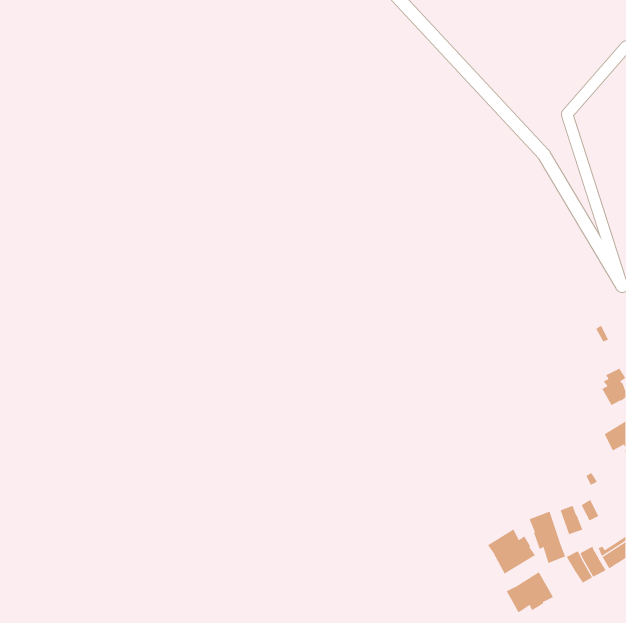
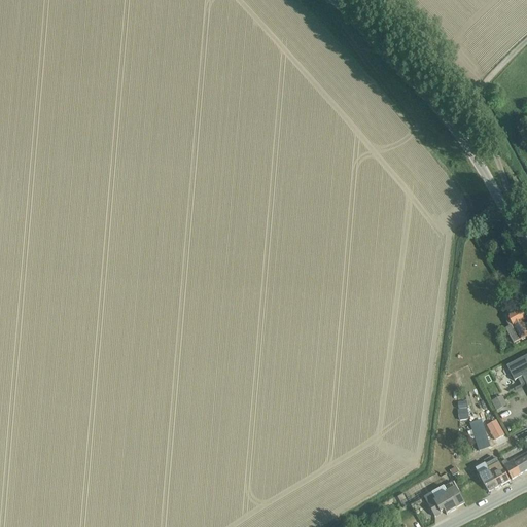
building: [529,511,566,564] -> none
building: [487,529,536,574] -> none

